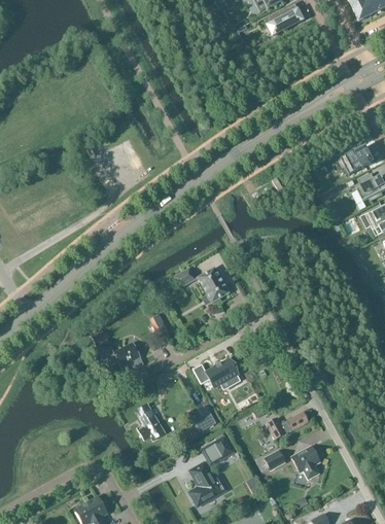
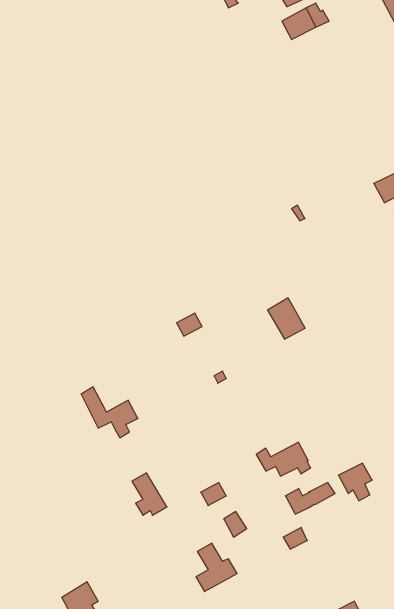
building: [198,267,230,302] -> [268,298,305,339]
building: [194,358,240,387] -> [256,442,311,476]
building: [292,446,321,478] -> [338,463,372,501]

